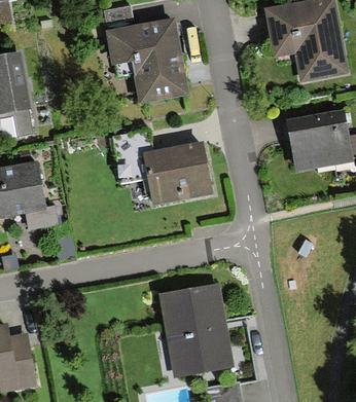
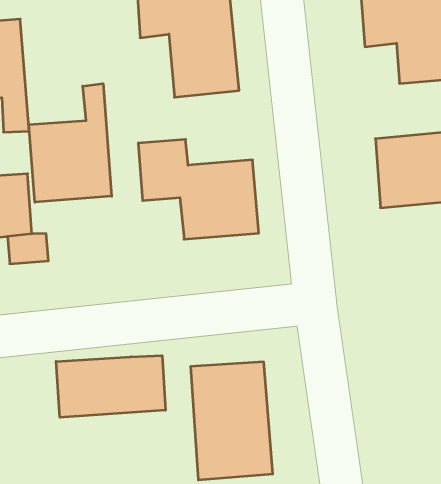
building: none -> [29,84,112,202]
building: none -> [56,356,165,417]

